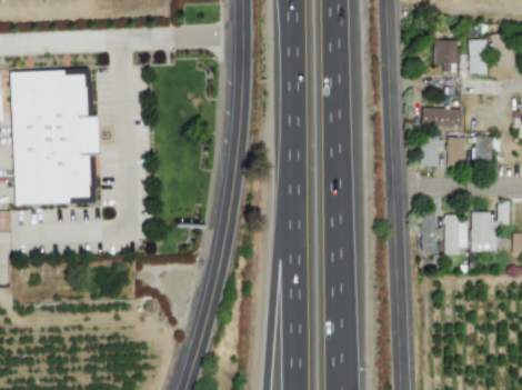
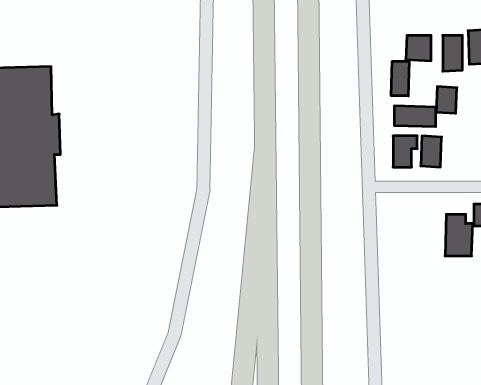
building: none -> [391,61,409,96]
building: [472,134,492,160] -> [436,87,457,113]
building: [420,211,436,251] -> none
building: [443,214,468,253] -> none

